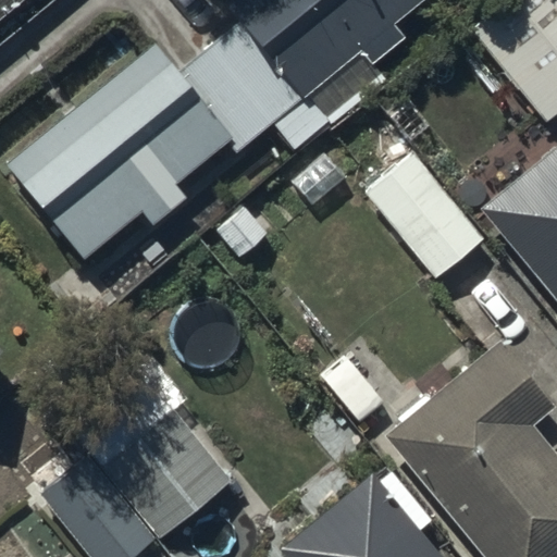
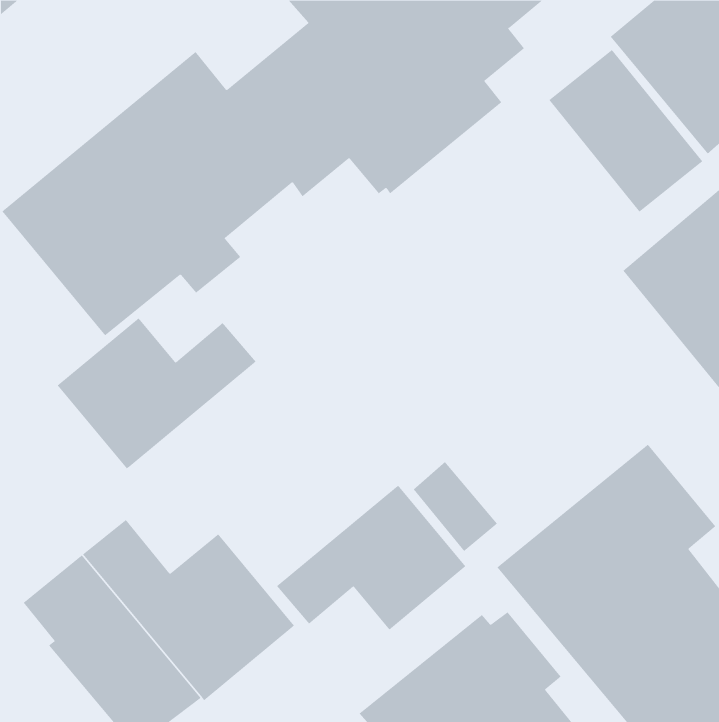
building: [367,154,485,280] -> [548,49,703,212]
building: none -> [57,317,256,469]
building: none -> [276,485,466,630]

